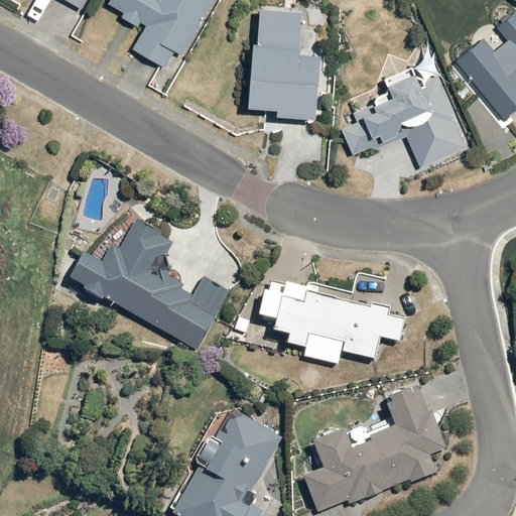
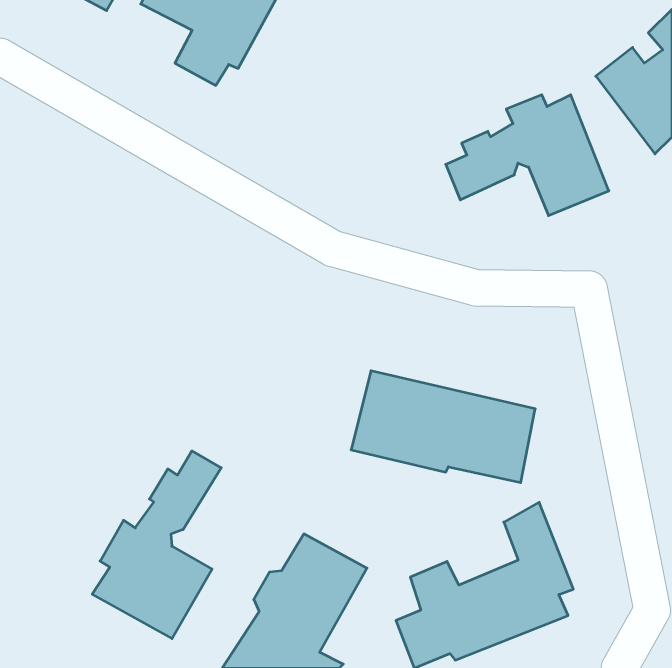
building: [248,6,320,117] -> none
building: [70,221,229,350] -> none
building: none -> [92,451,221,639]

